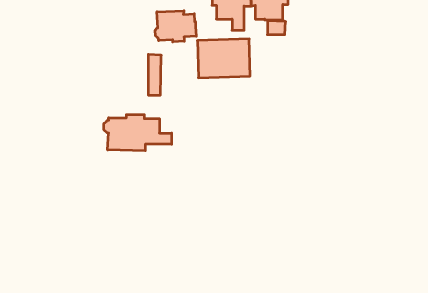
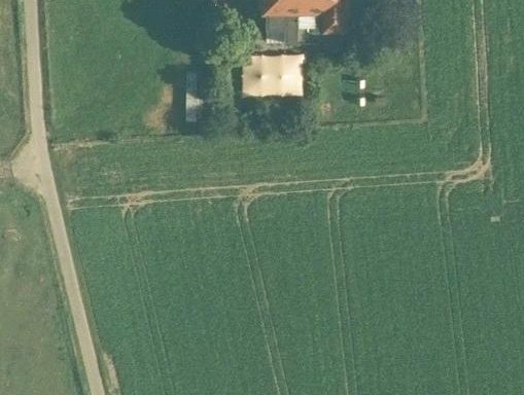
building: [155,11,196,42] -> none
building: [104,115,172,151] -> none

